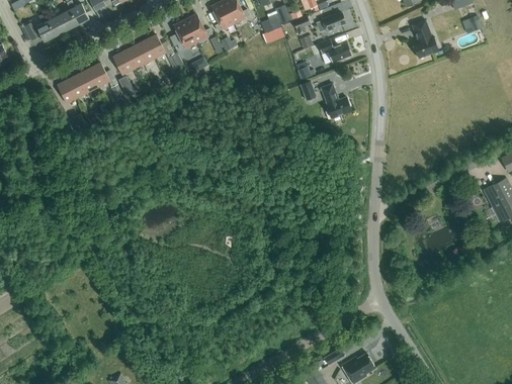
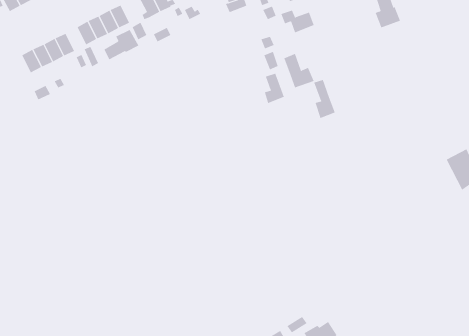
building: none -> [103,29,139,60]
building: none -> [264,73,285,104]
building: none -> [313,79,335,119]

